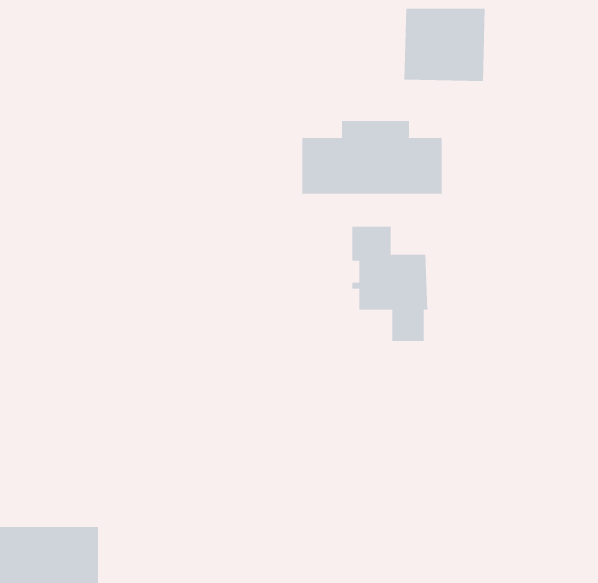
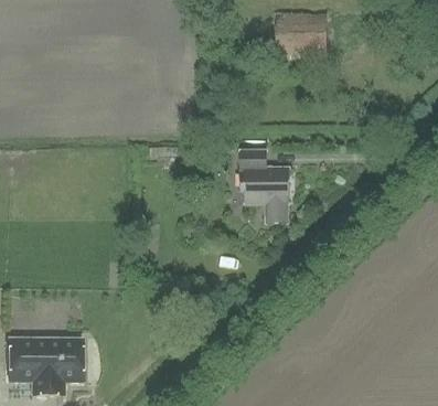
building: [302,120,442,194] -> none

